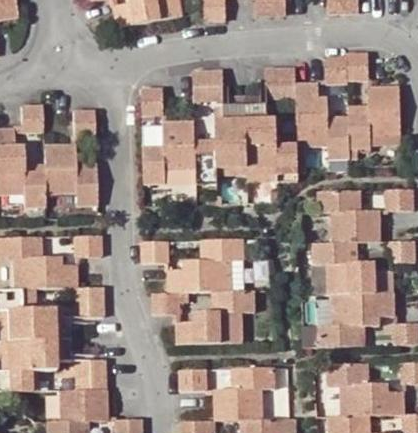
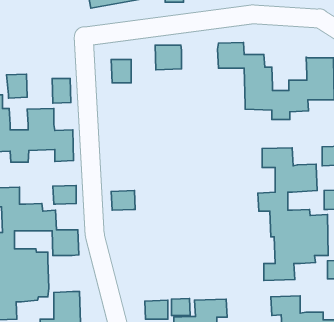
building: [326,53,370,84] -> none
building: [143,105,299,185] -> none
building: [153,239,254,344] -> none

